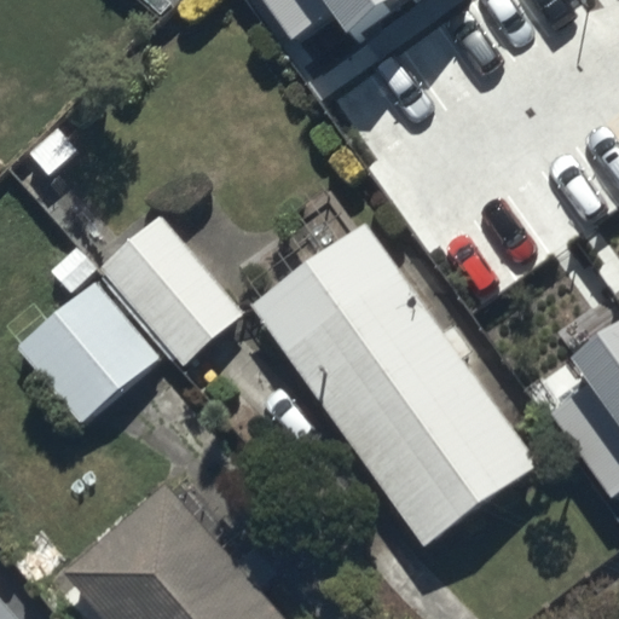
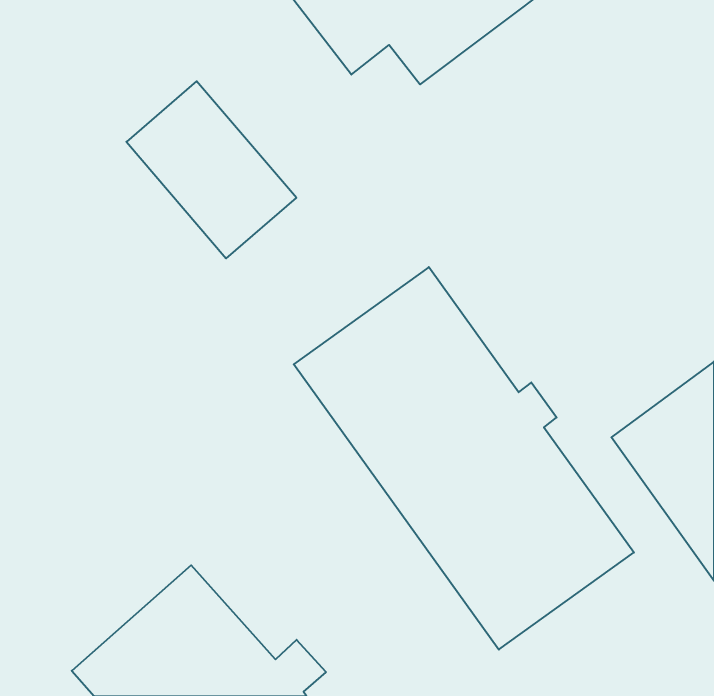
building: [100,214,247,366] -> [126,81,296,258]
building: [16,280,161,427] -> none

